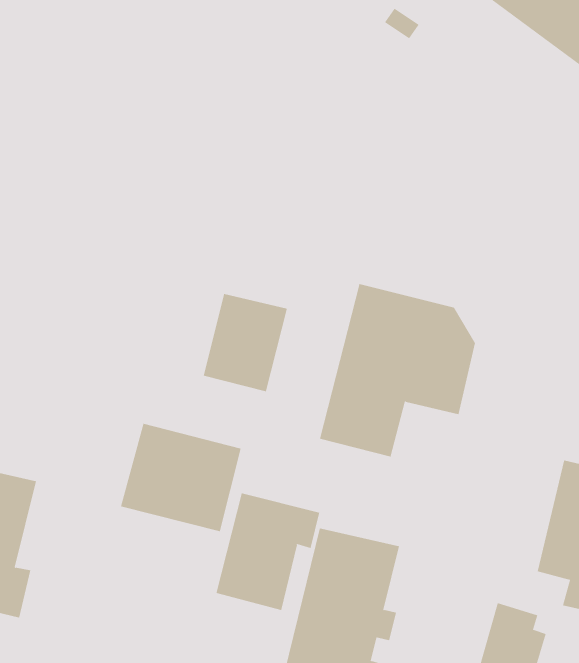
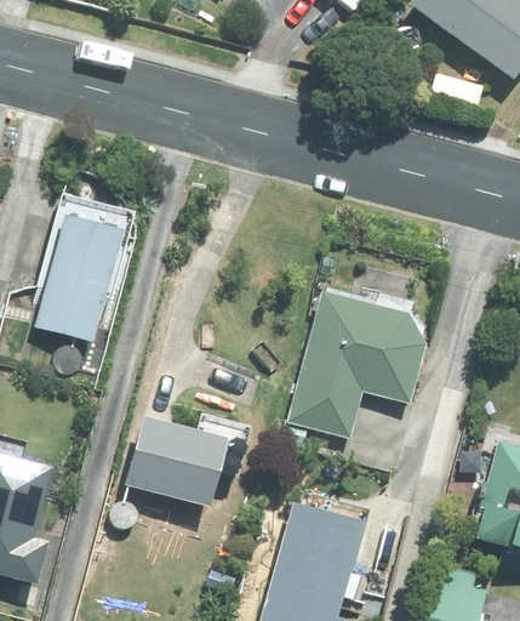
building: none -> [35,211,120,341]
building: [203,293,288,392] -> none
building: [216,493,320,611] -> none

